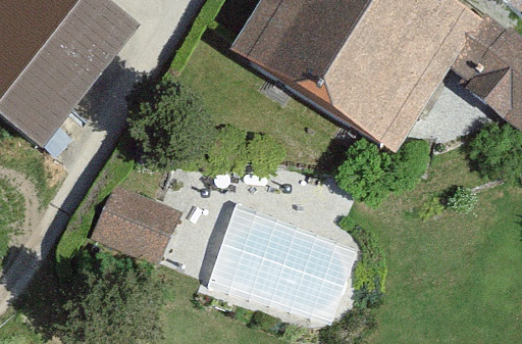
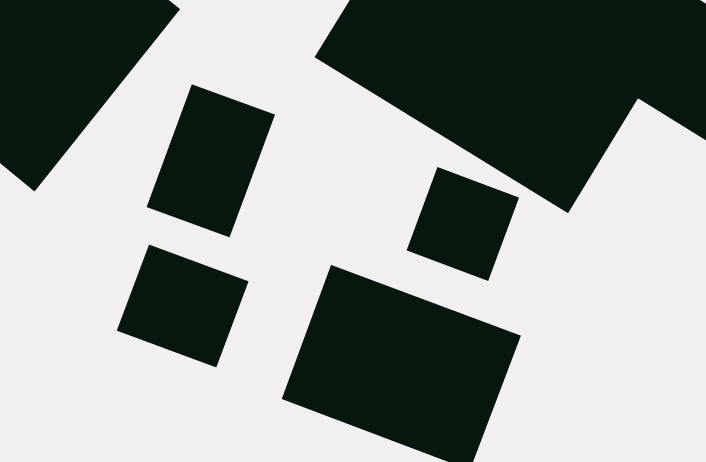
building: none -> [146,84,276,238]
building: none -> [406,166,520,282]

